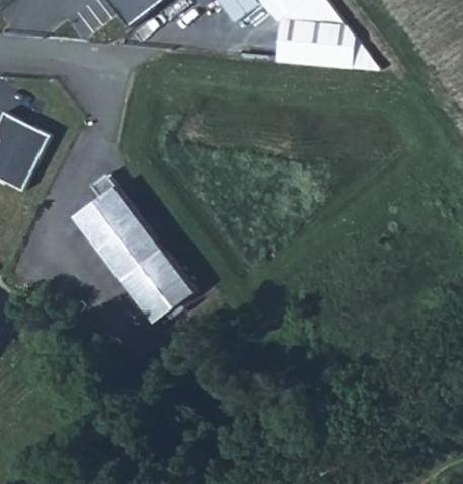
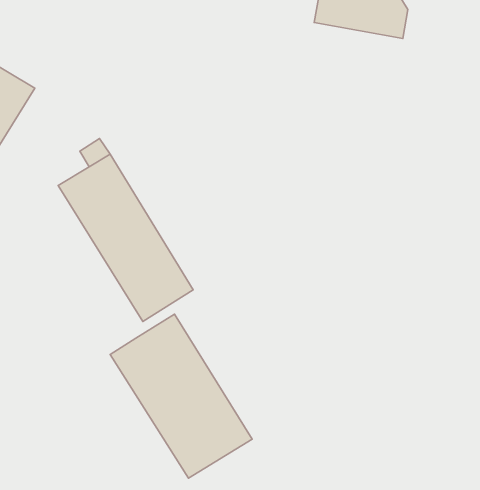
building: none -> [110,314,252,478]

